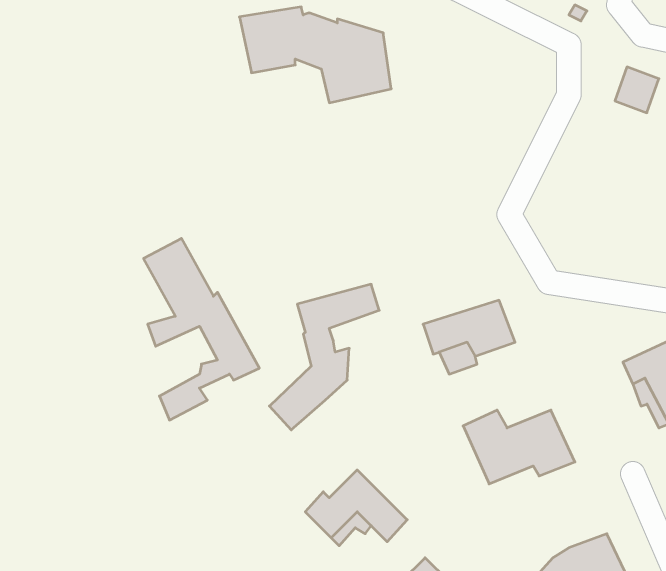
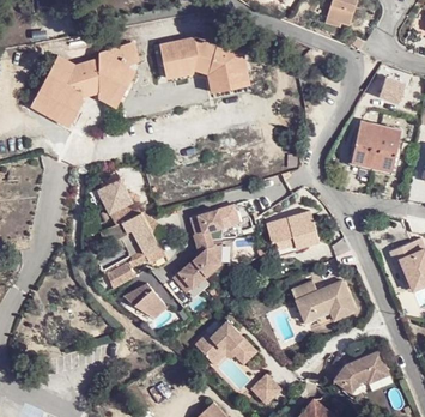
building: none -> [32,42,133,119]
building: none -> [353,123,402,170]
building: none -> [123,284,166,318]

